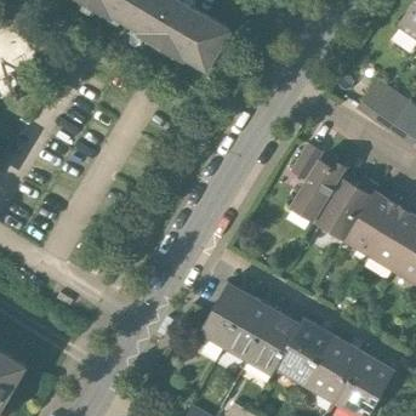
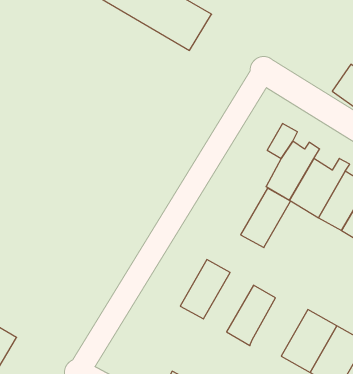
building: [224,300,277,361] -> [241,188,291,248]
building: [275,321,334,387] -> none

